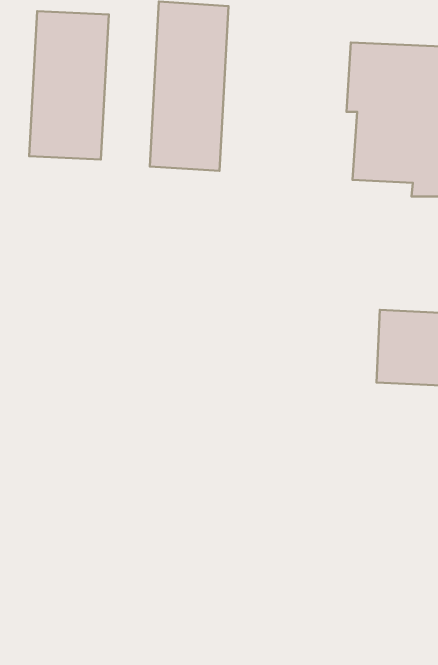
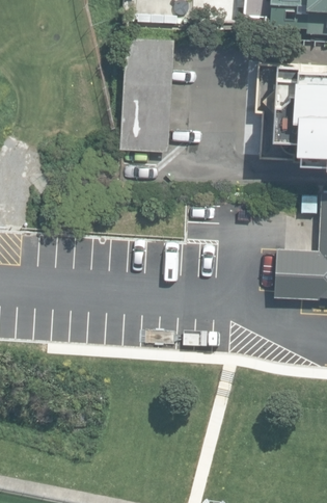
building: [29,11,109,160] -> none

